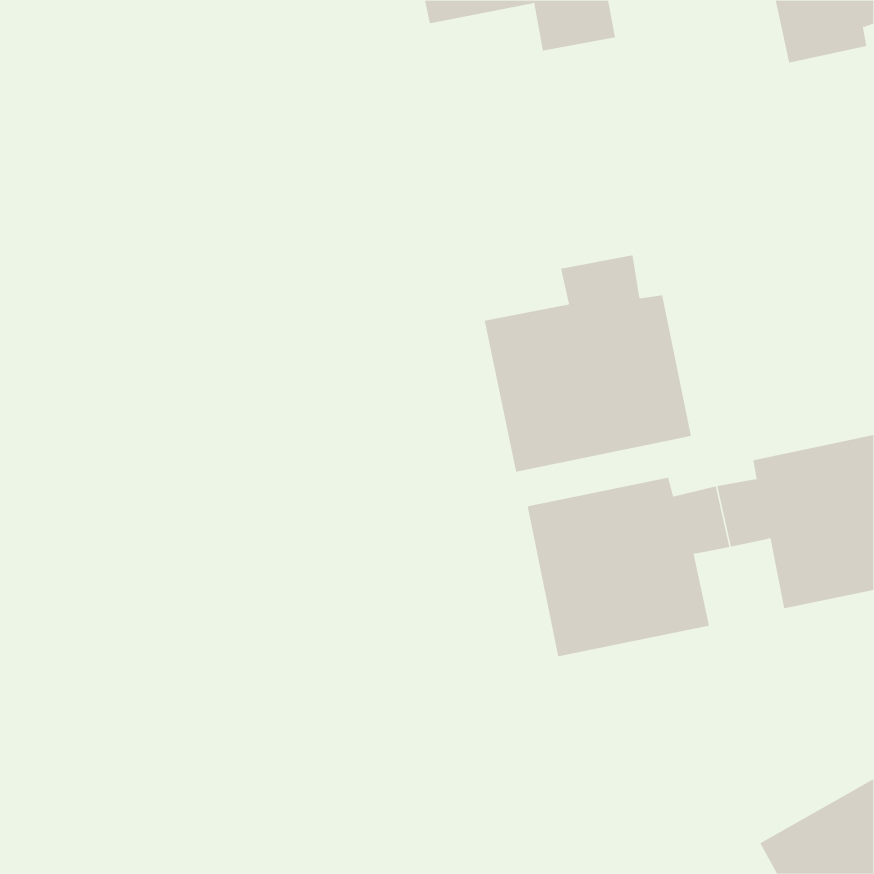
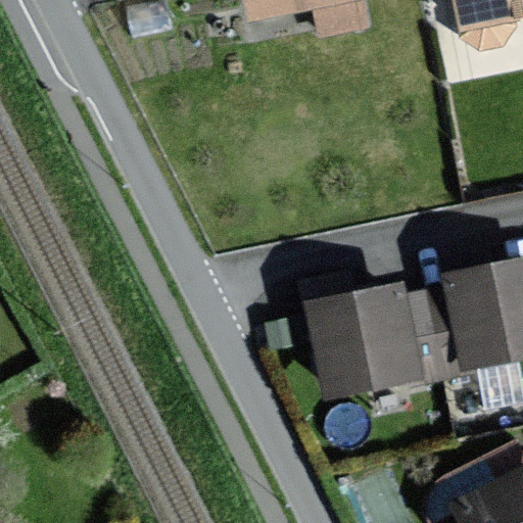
building: [484,254,691,472] -> none

